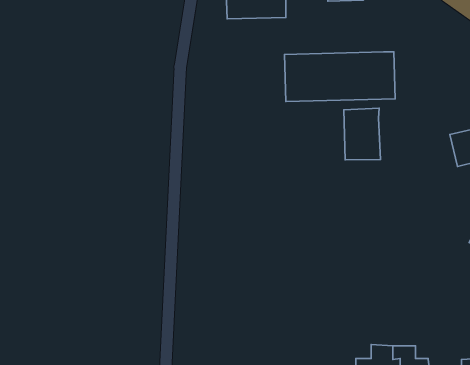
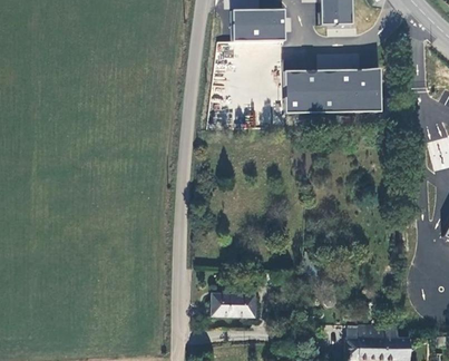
building: [344,108,380,160] -> none
building: none -> [213,293,255,316]

